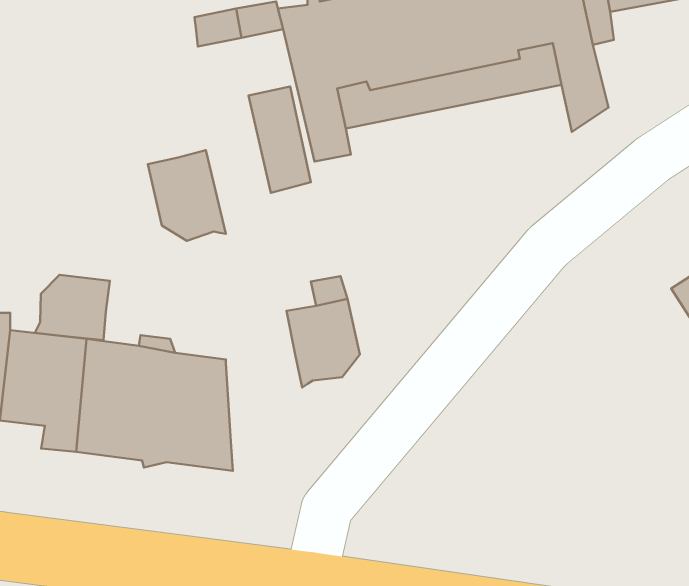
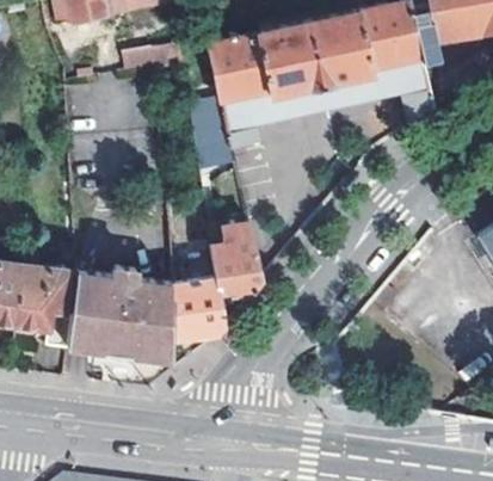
building: [148,150,226,241] -> none
building: [35,275,110,340] -> none
building: none -> [170,279,227,339]

